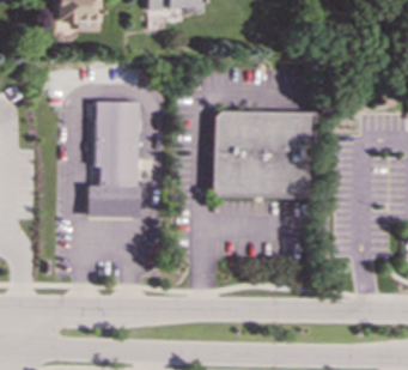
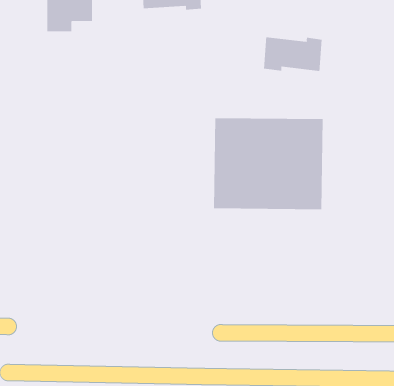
building: none -> [263,36,322,72]
building: [86,101,139,218] -> none

